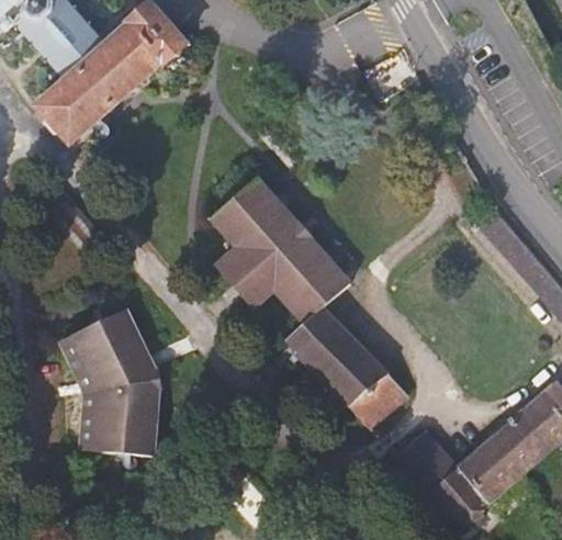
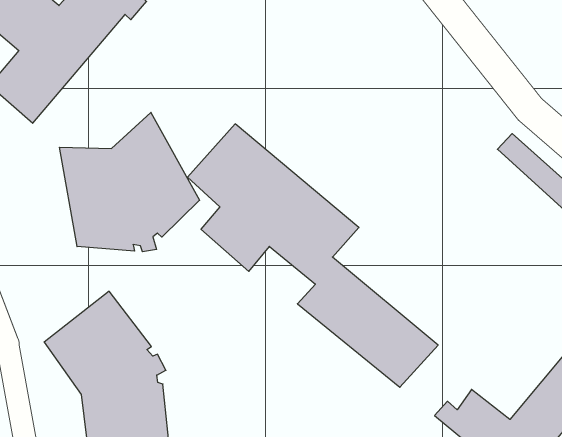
building: none -> [59,112,200,252]

